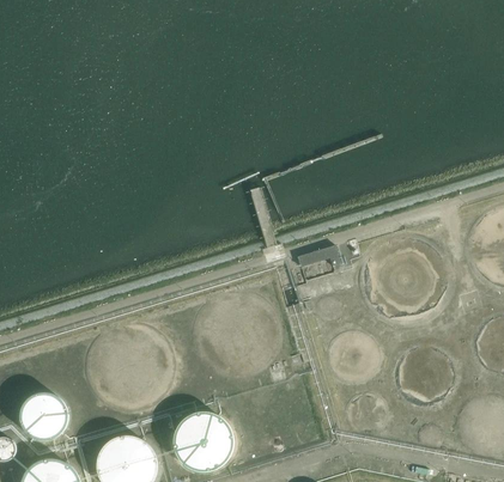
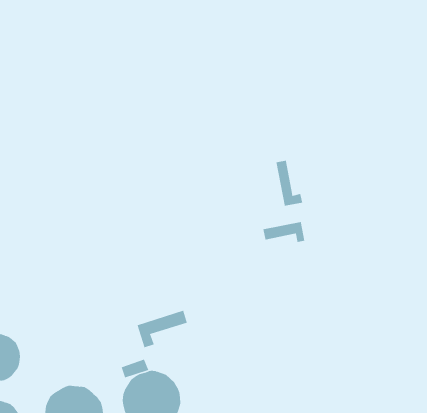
building: none -> [276,160,303,207]
building: none -> [137,310,187,348]

